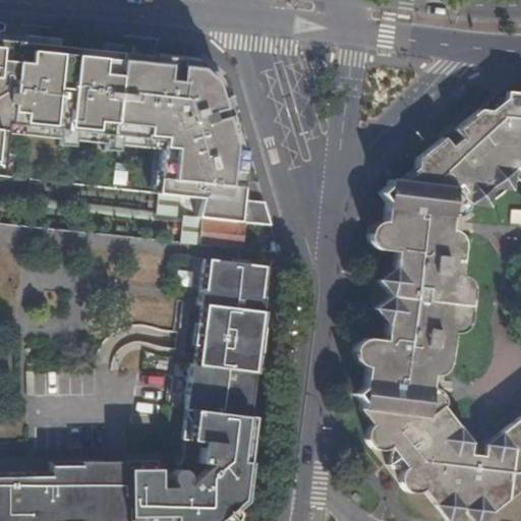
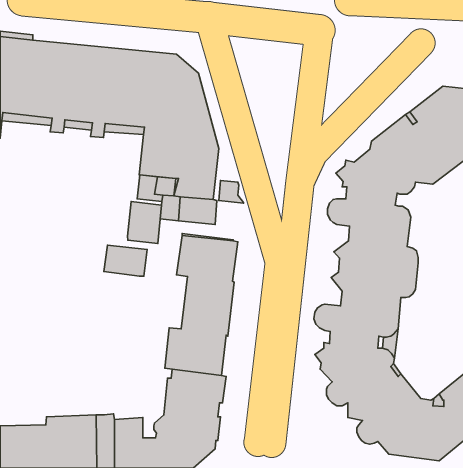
building: none -> [127,201,161,244]
building: none -> [104,245,147,276]

